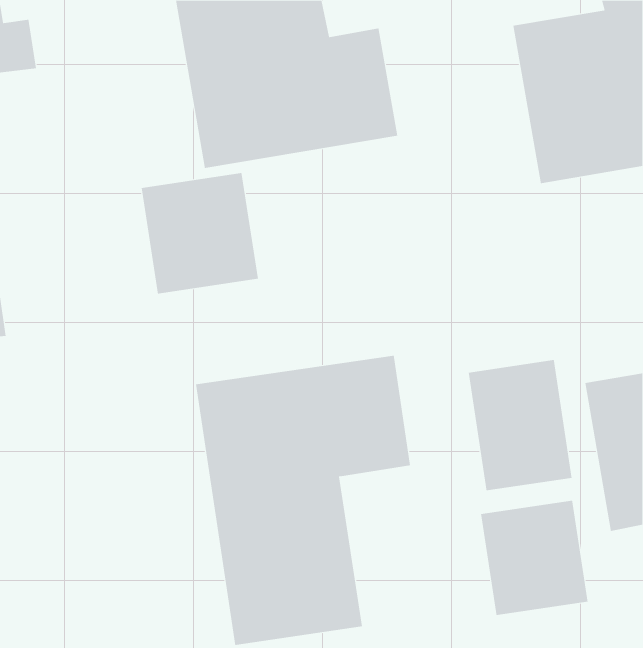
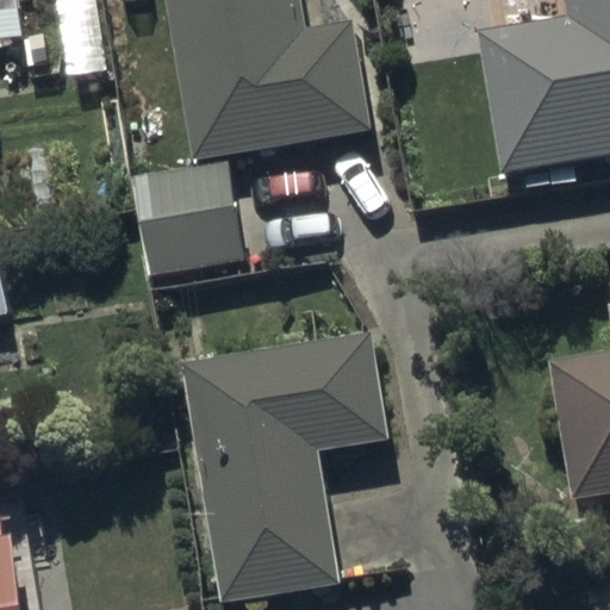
building: [468,359,572,491] -> none
building: [481,500,588,616] -> none

